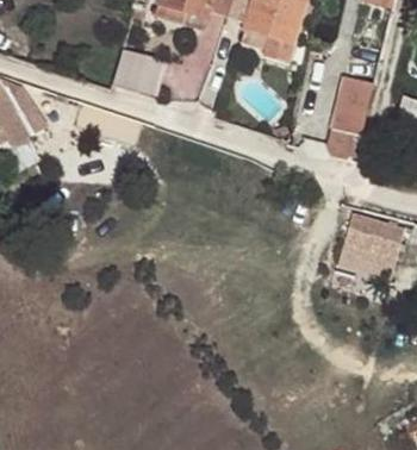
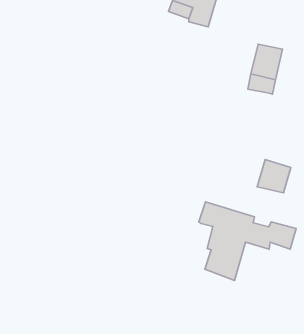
building: [112,48,153,93] -> none
building: none -> [199,202,296,280]

